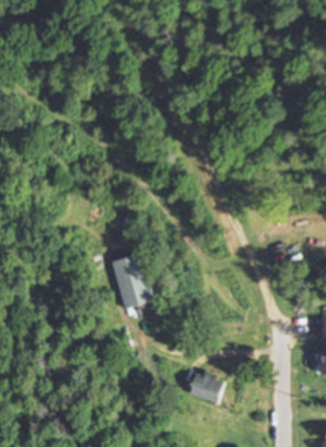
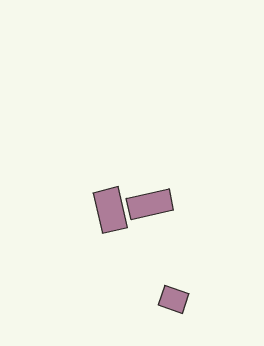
building: none -> [126,189,173,220]

